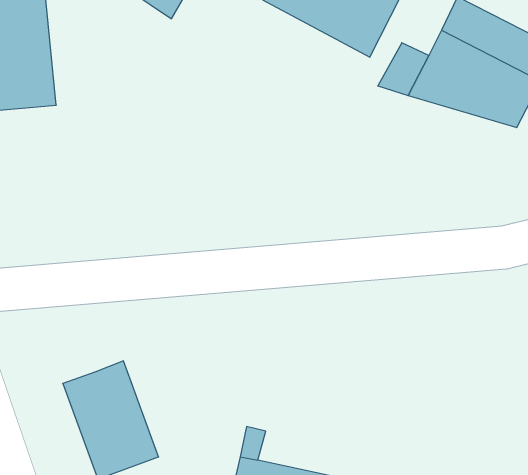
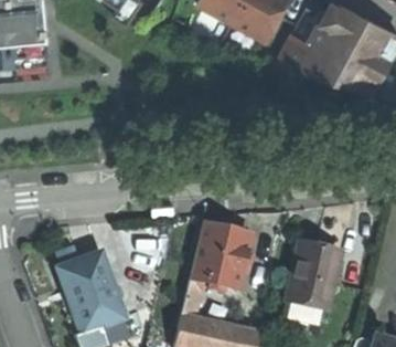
building: none -> [191,222,248,286]
building: none -> [286,241,340,304]

